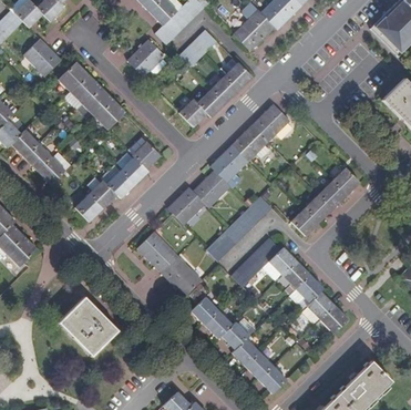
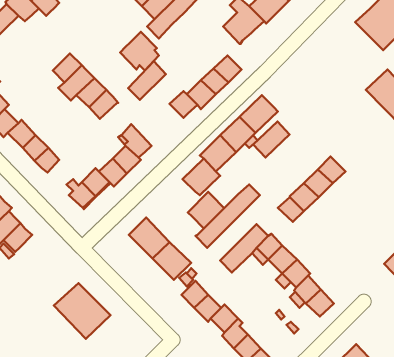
building: [178,29,217,69] -> [128,61,166,100]
building: [23,39,61,76] -> none
building: none -> [253,122,290,157]
building: [167,187,205,225] -> [188,192,224,228]

